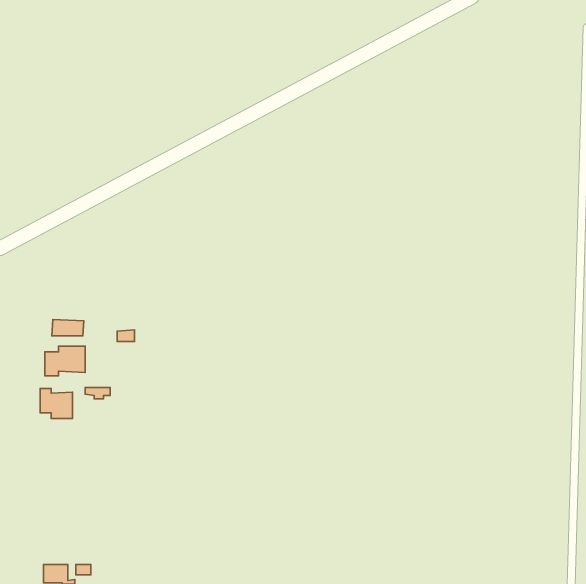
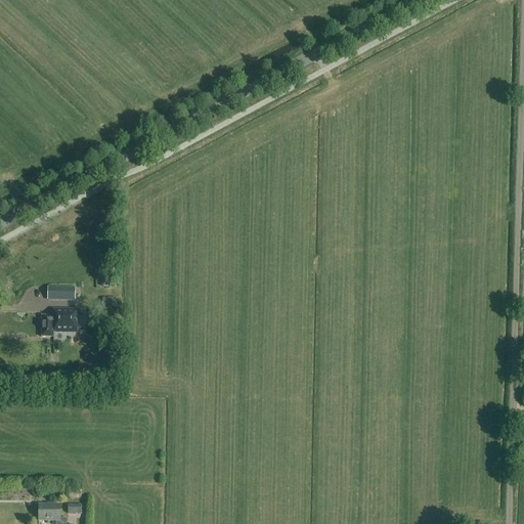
building: [40,389,73,418] -> none

